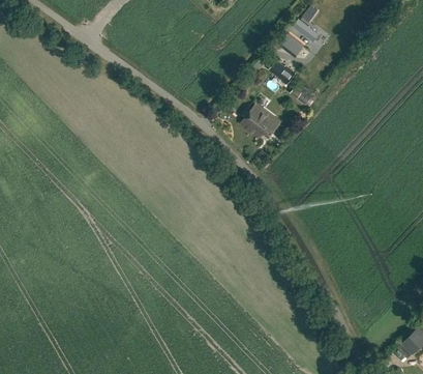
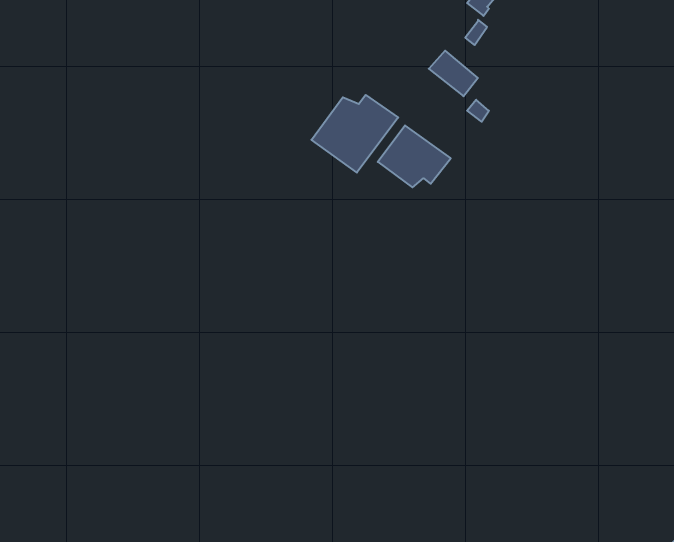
building: none -> [311,95,398,173]

